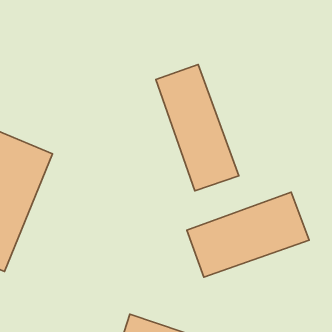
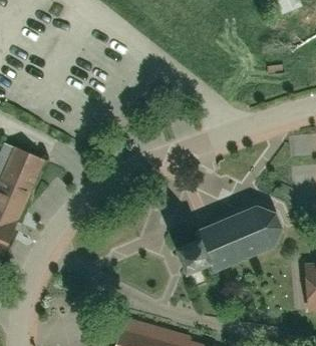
building: [156,64,239,191] -> none

